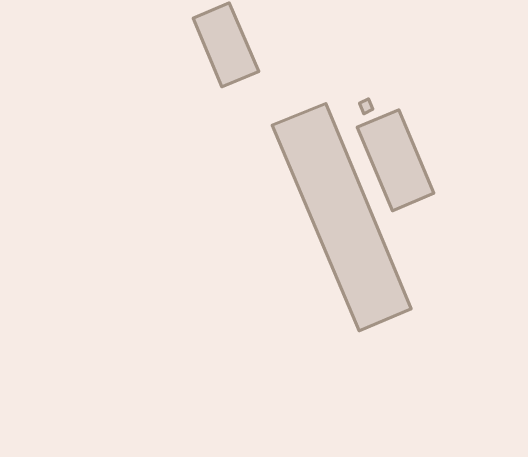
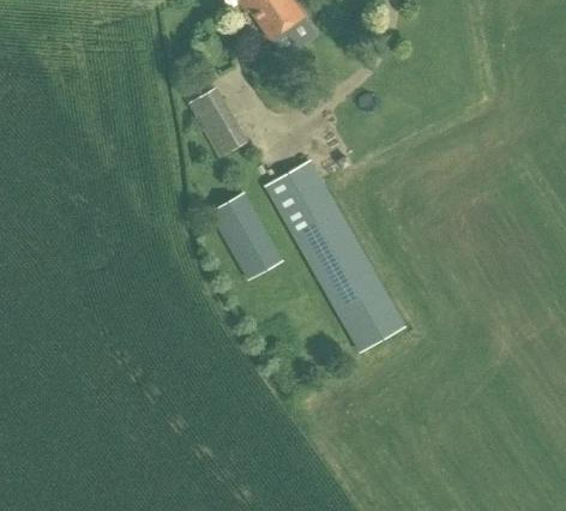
building: [357,110,434,211] -> [210,192,282,278]

